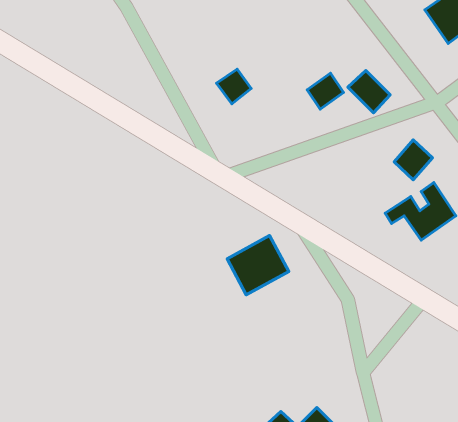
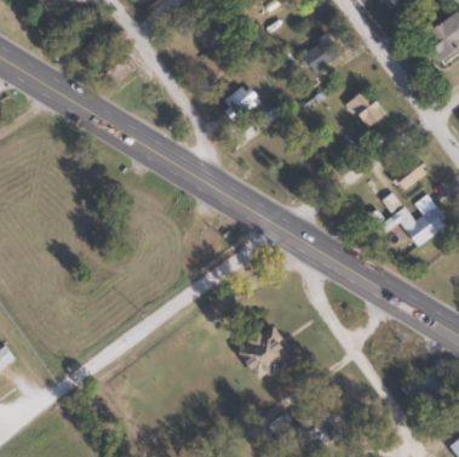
building: [307,73,343,109] -> [300,41,334,75]
building: [227,236,289,295] -> [235,326,293,382]

